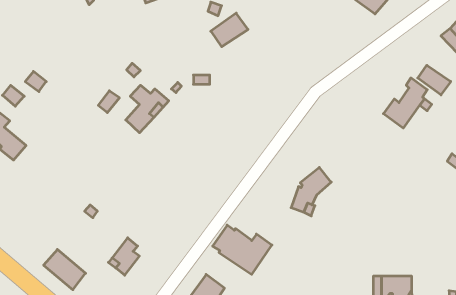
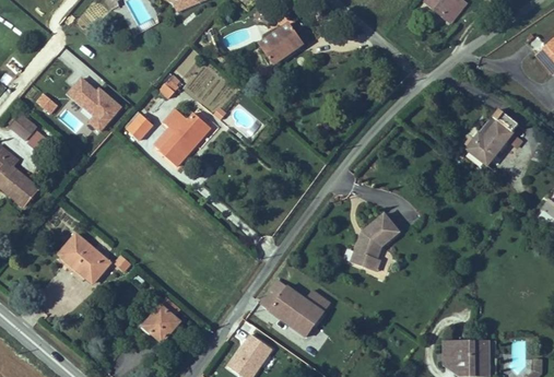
building: none -> [67,78,122,130]
building: [418,65,451,95] -> none
building: [44,249,86,290] -> [50,233,101,281]

